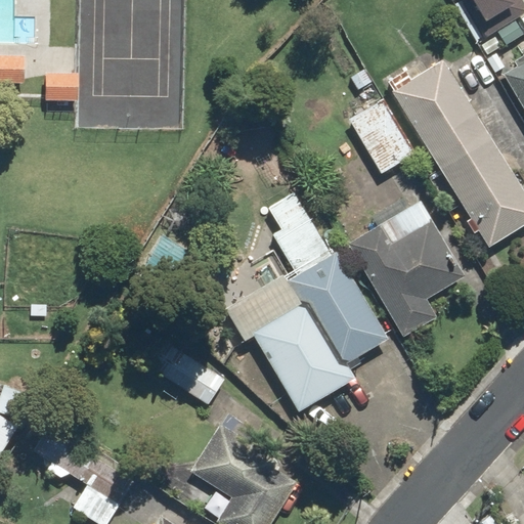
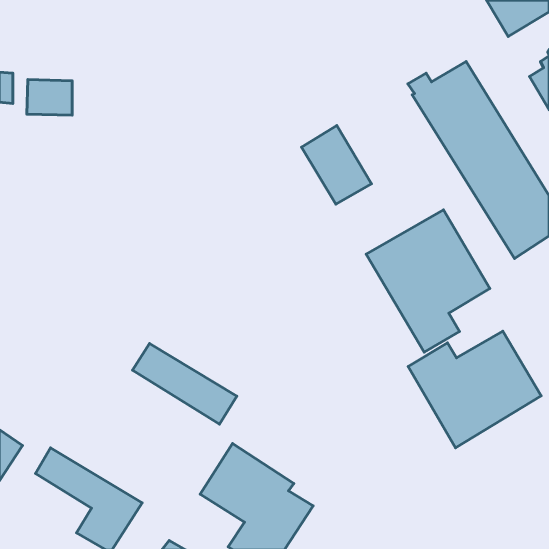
building: [349,98,416,173] -> [301,126,371,204]
building: [225,191,389,410] -> none
building: none -> [408,331,541,448]

